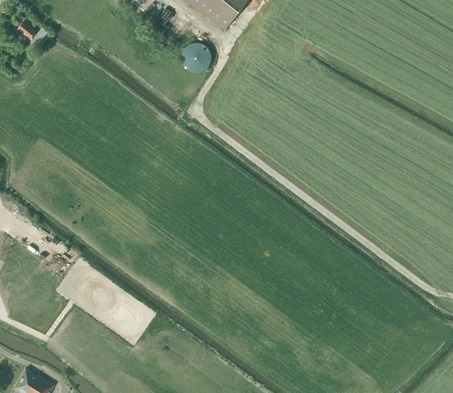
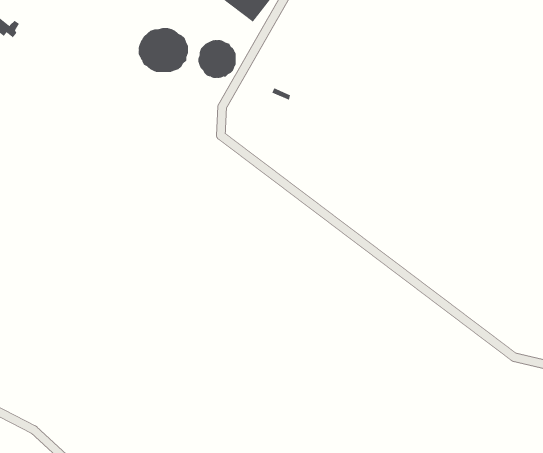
building: none -> [138,27,189,73]

